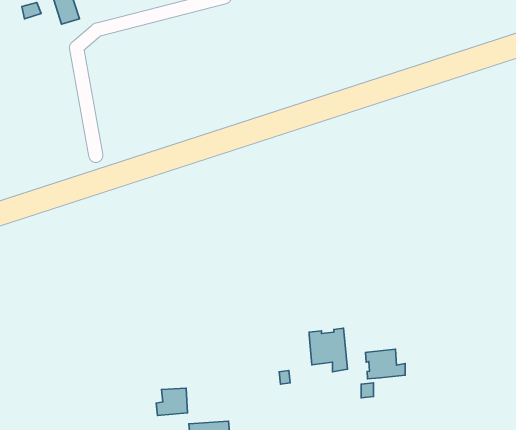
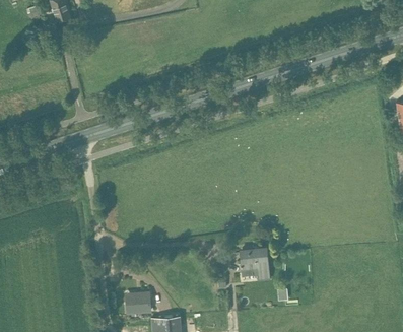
building: [365,349,405,379] -> none

